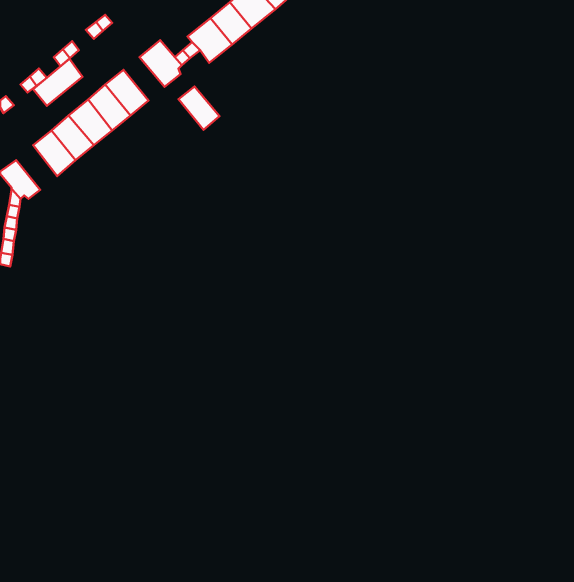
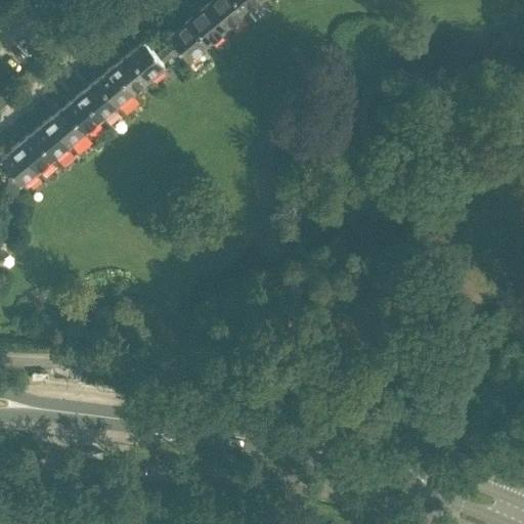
building: [33,59,82,106] -> none
building: [178,86,220,130] -> [120,51,157,90]
building: none -> [24,130,60,170]

